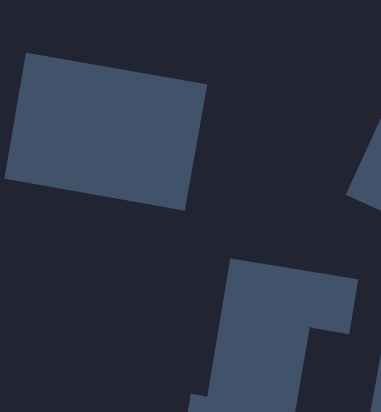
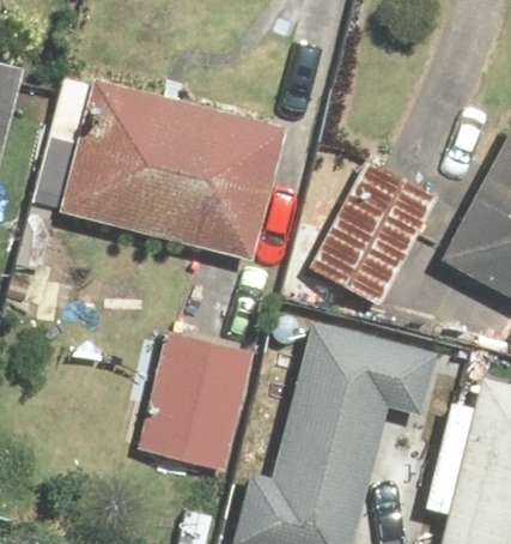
building: none -> [310,156,444,310]
building: none -> [138,330,261,475]

